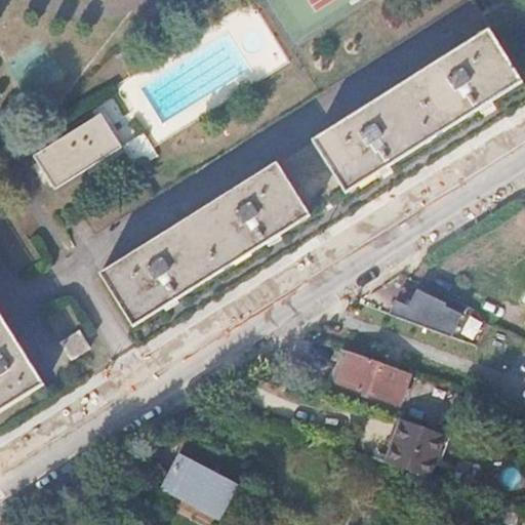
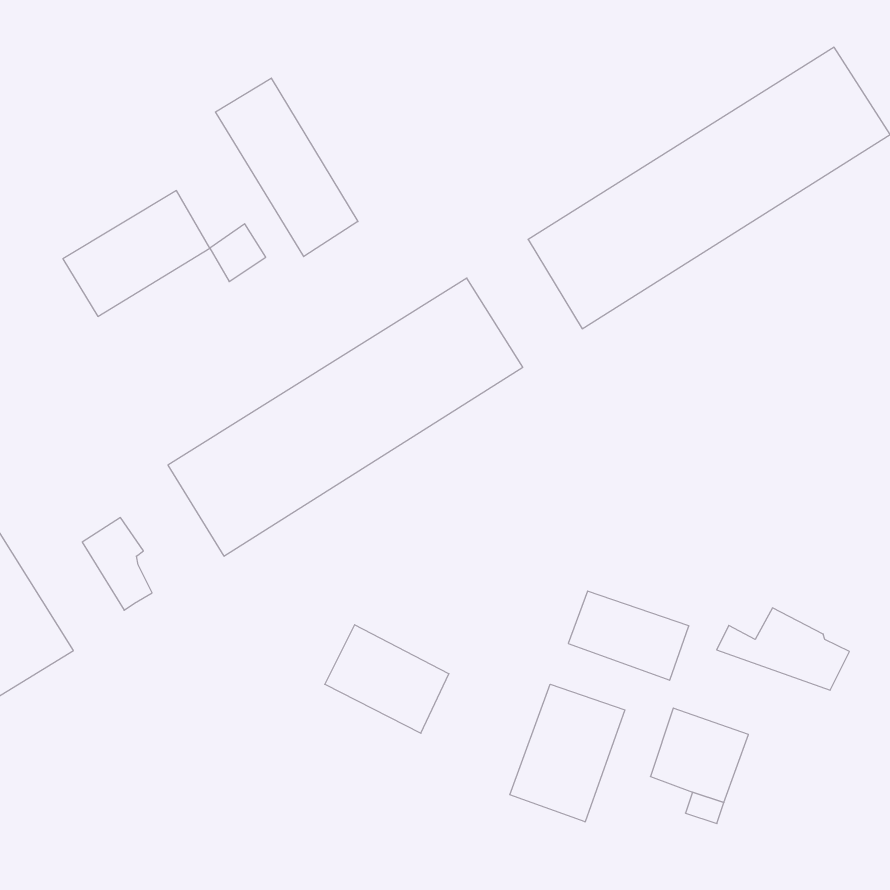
building: none -> [215,78,358,257]
building: [382,281,460,329] -> [717,608,849,690]
building: none -> [510,684,625,822]
building: [158,453,231,517] -> [325,625,449,733]

